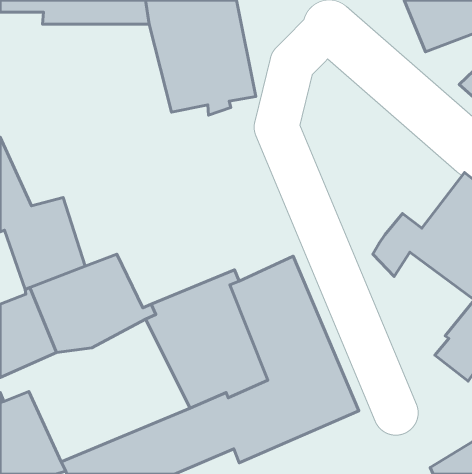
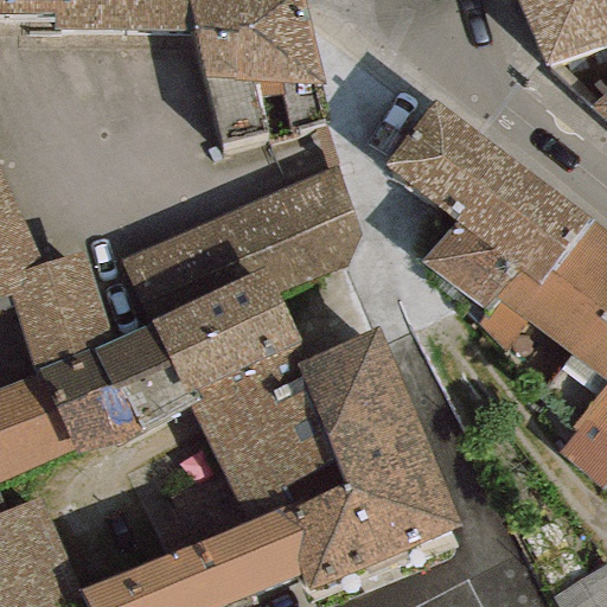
building: none -> [384,97,596,311]
building: none -> [121,168,363,394]

